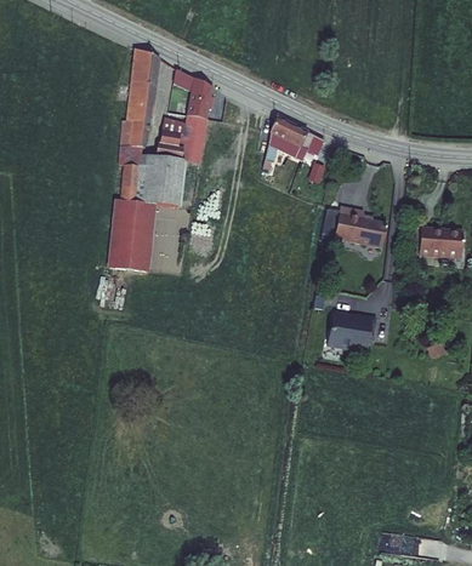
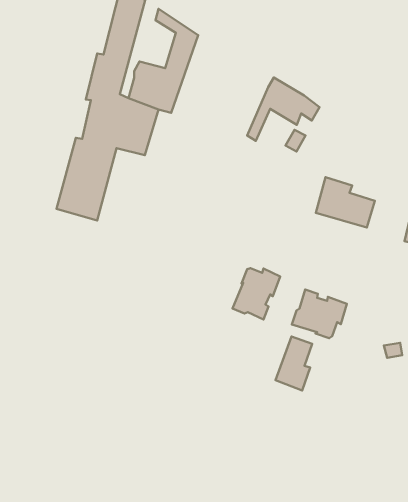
building: none -> [232,268,280,320]
building: none -> [276,337,312,391]

